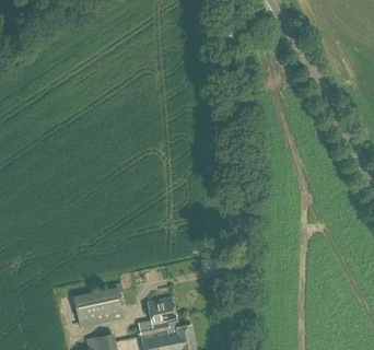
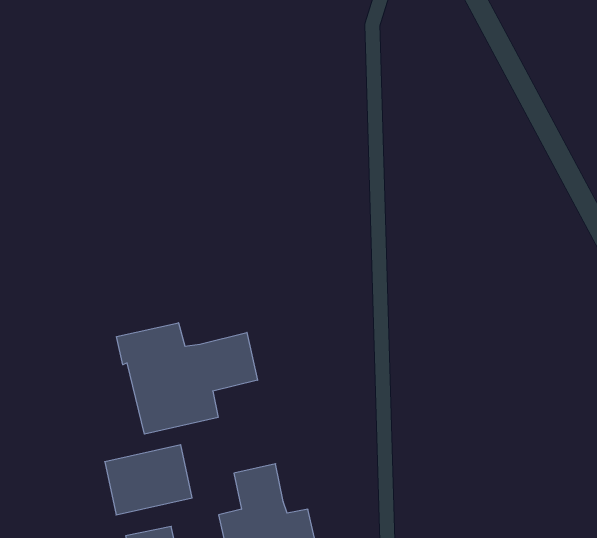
building: none -> [117,323,258,434]

